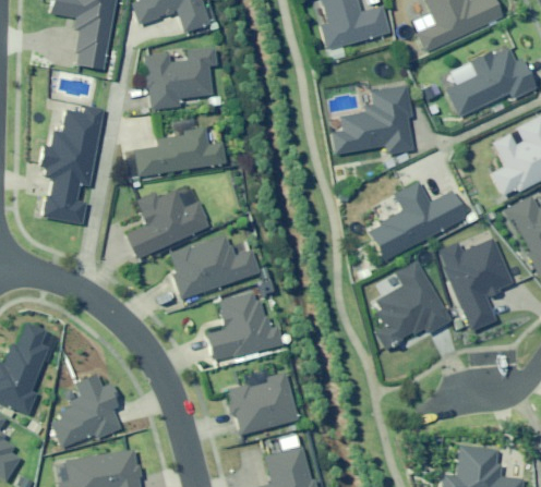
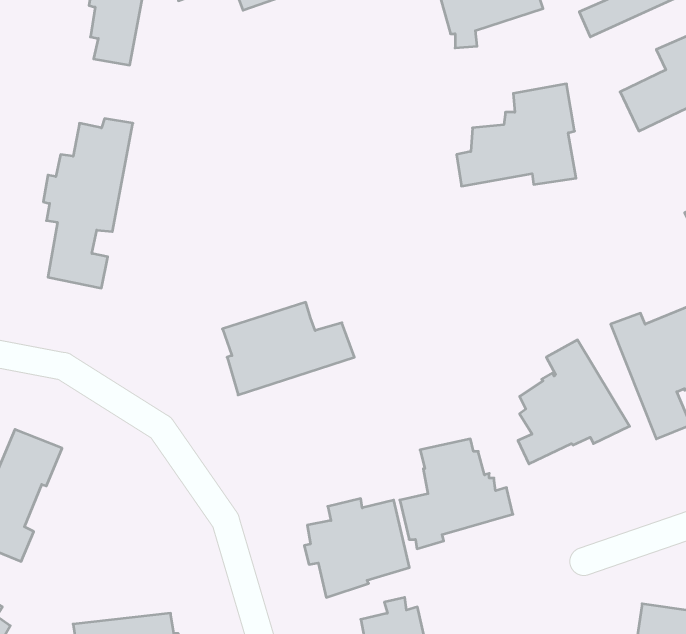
building: [144,49,216,110] -> none
building: [135,129,226,176] -> none
building: [368,180,467,259] -> none
building: [124,185,213,259] -> none
building: [205,292,284,368] -> [400,439,513,549]
building: [51,373,121,447] -> none

